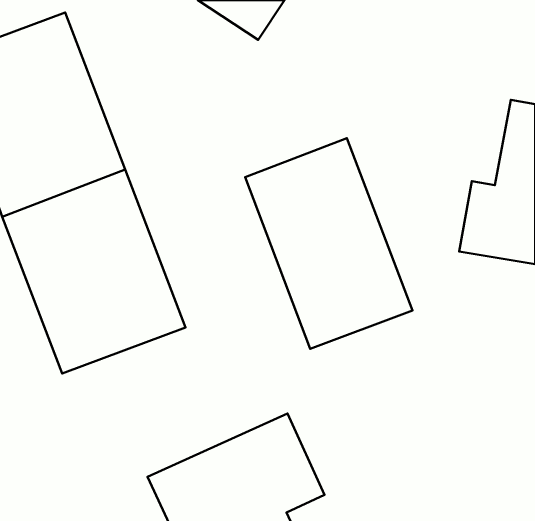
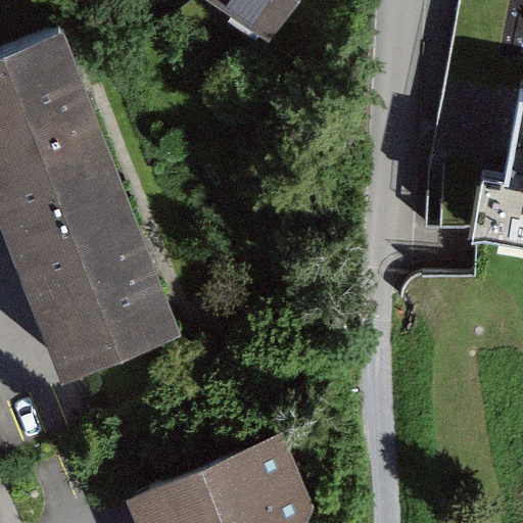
building: [245,138,412,349] -> none

